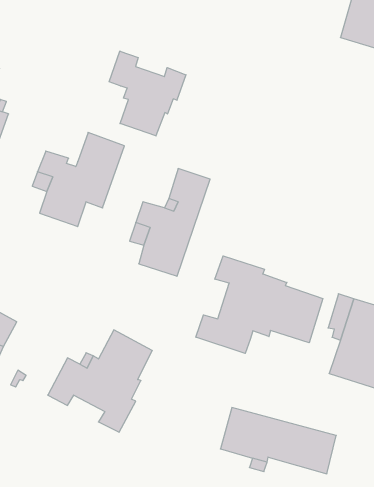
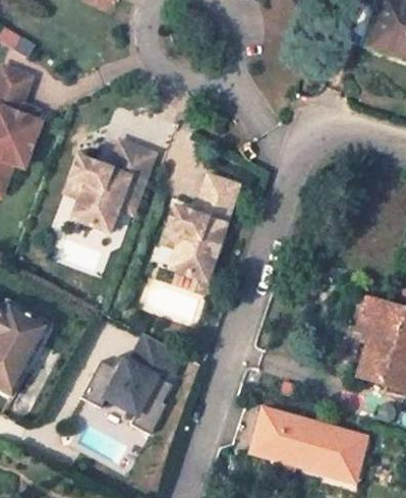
building: [109,51,186,136] -> none
building: [196,256,323,353] -> none

